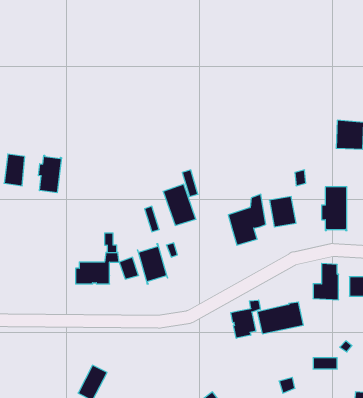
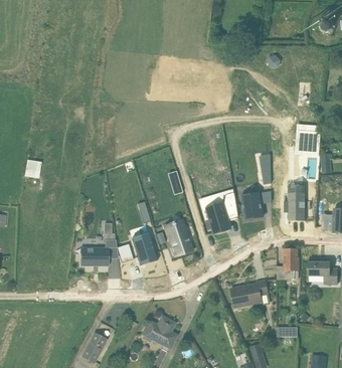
building: [38,155,61,193] -> none
building: [163,184,196,225] -> [165,220,192,254]
building: [231,300,260,338] -> none
building: none -> [143,316,177,347]

